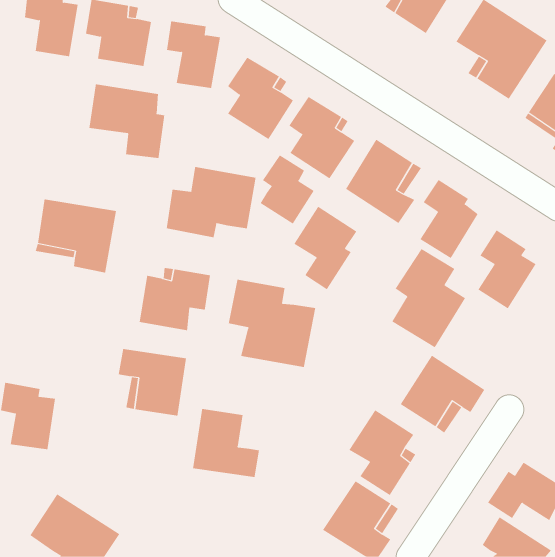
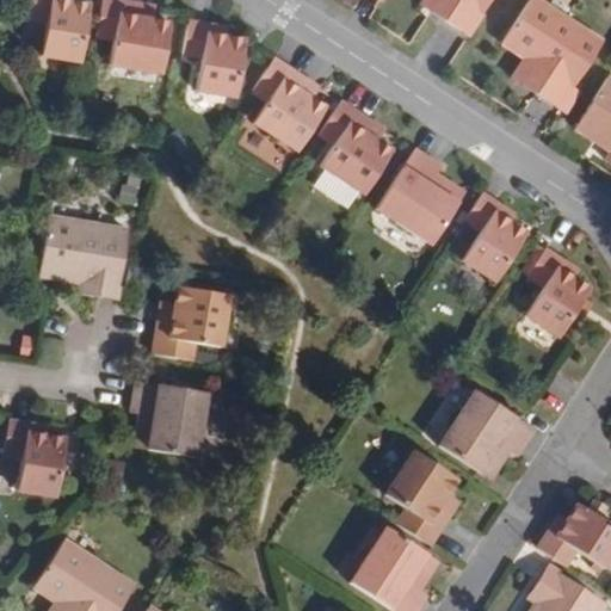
building: [89,84,165,159] -> none
building: [260,155,315,224] -> none
building: [166,166,256,238] -> none
building: [294,206,357,290] -> none
building: [391,248,466,348] -> none
building: [228,279,316,368] -> none
building: [193,408,260,478] -> none

